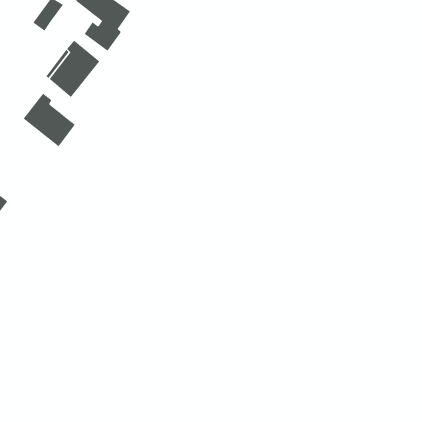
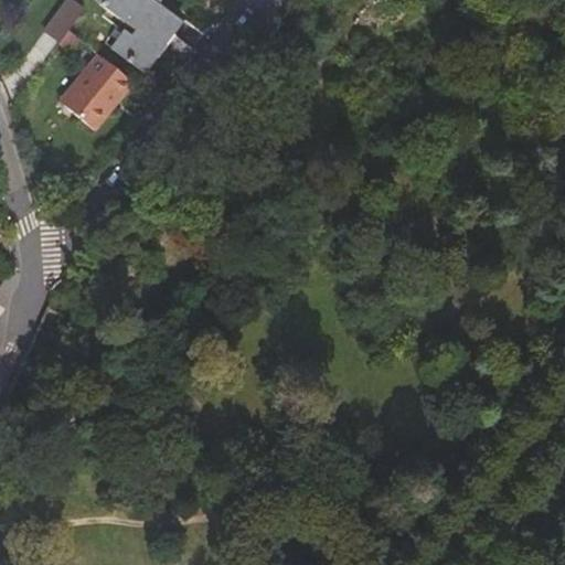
building: [23,93,75,147] -> none

